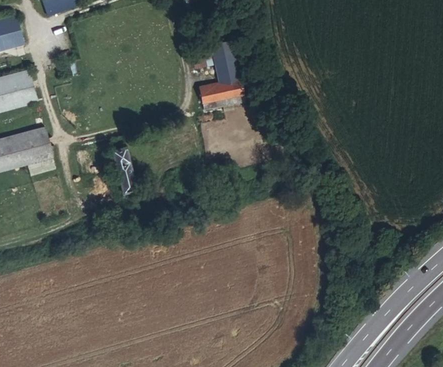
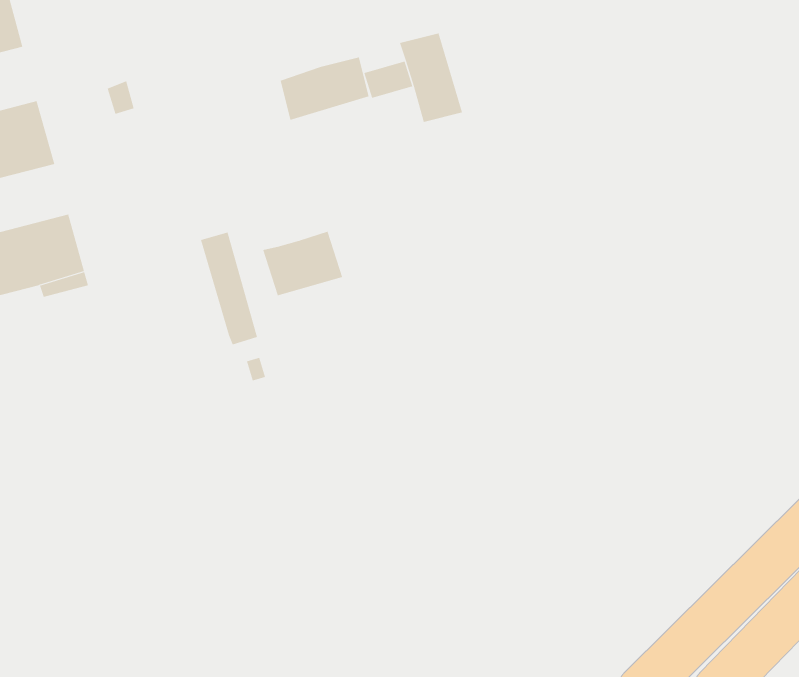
building: [202,77,247,109] -> [280,57,369,120]
building: none -> [262,231,343,296]

